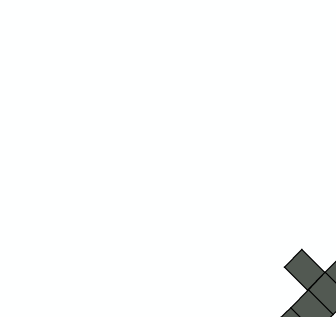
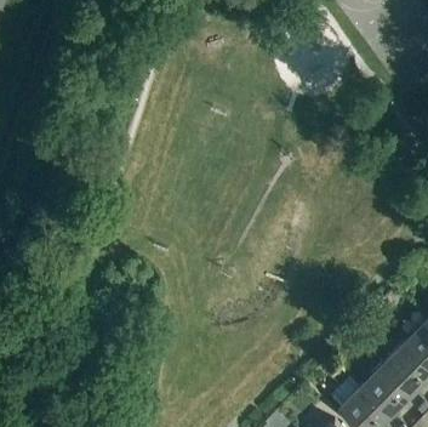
building: [284,250,325,290] -> none

